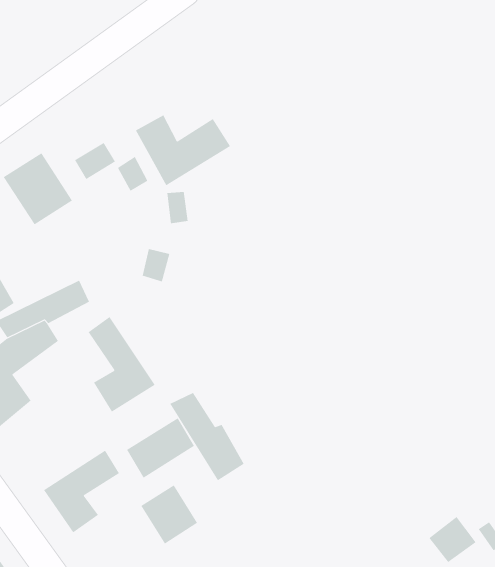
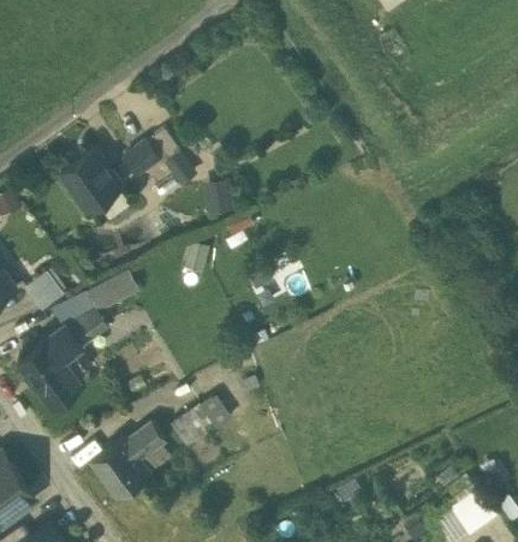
building: [135,115,231,186] -> none
building: [88,316,156,412] -> none
building: [169,392,245,481] -> none
building: [141,484,198,545] -> none

